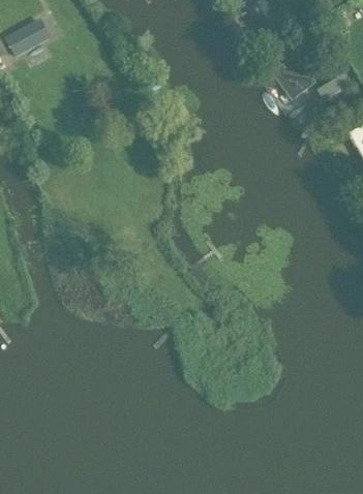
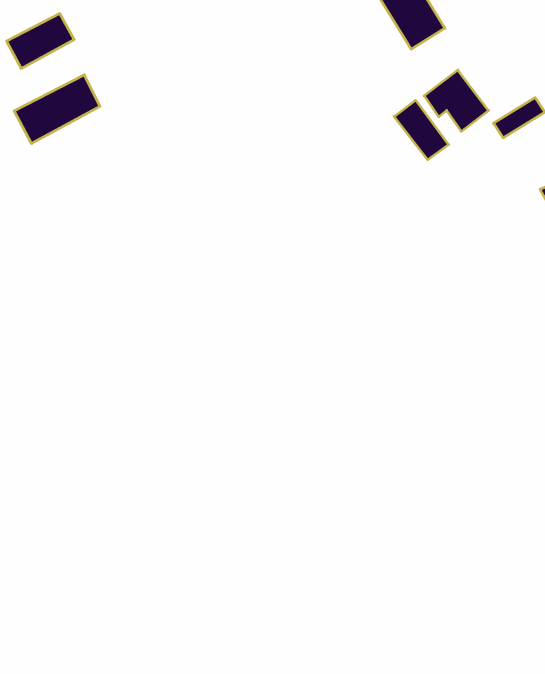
building: none -> [14,75,100,144]
building: none -> [394,100,449,160]

